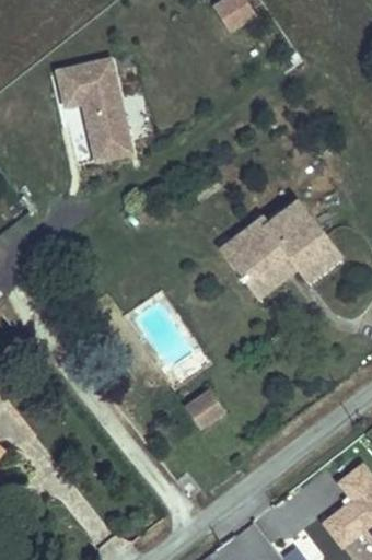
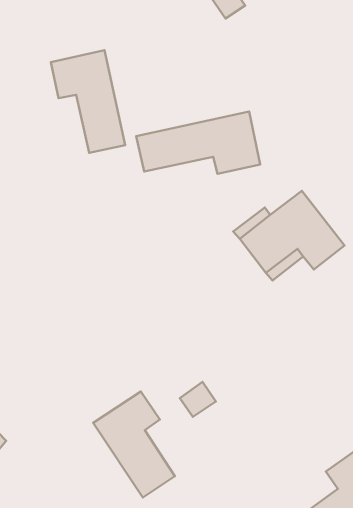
building: none -> [136,112,260,174]
building: none -> [93,391,175,498]

